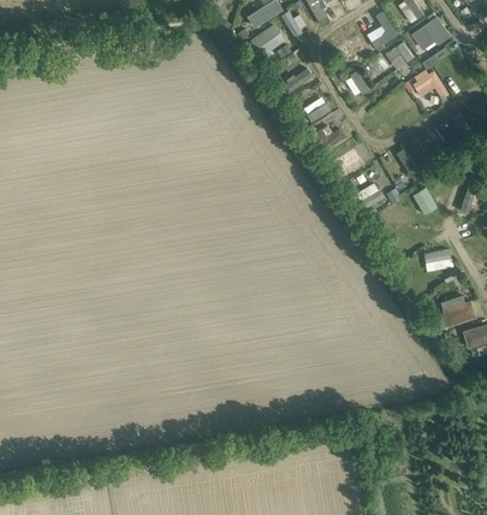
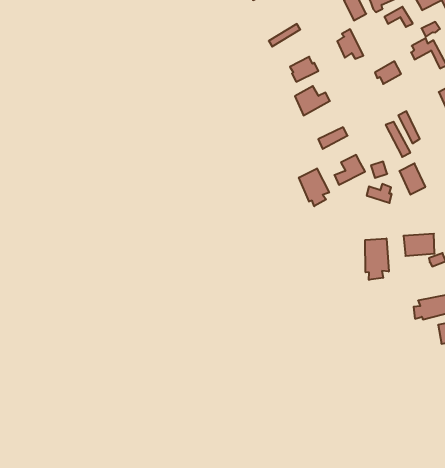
building: none -> [299,168,329,206]
building: none -> [365,238,389,280]

